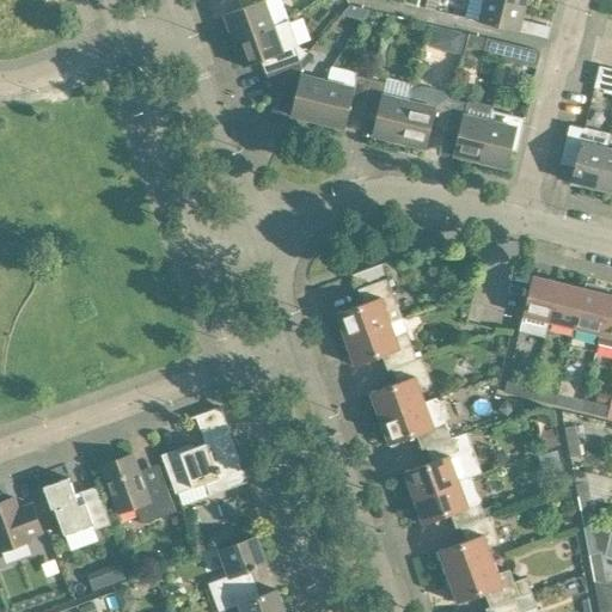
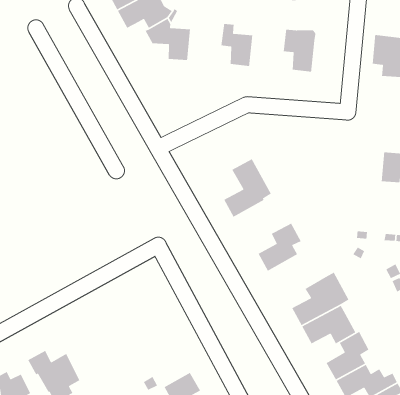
building: [317,69,372,129] -> none
building: [398,90,453,148] -> none
building: [479,116,525,169] -> none
building: [519,276,558,337] -> none
building: [345,323,422,369] -> none
building: [380,398,455,449] -> none
building: [163,406,247,494] -> none
building: [100,454,176,524] -> none

